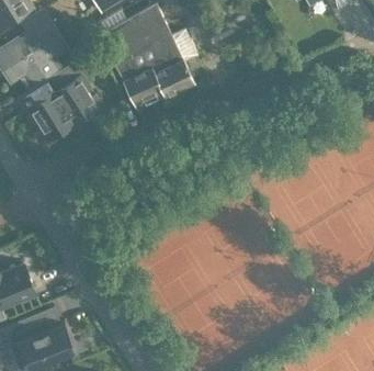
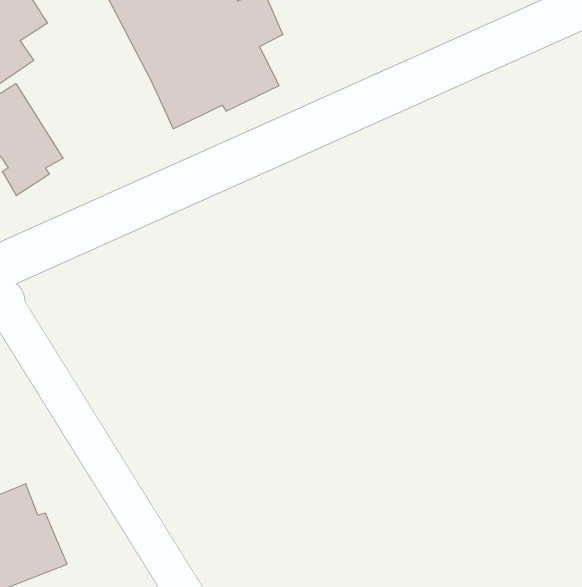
building: [47,67,103,124] -> none

